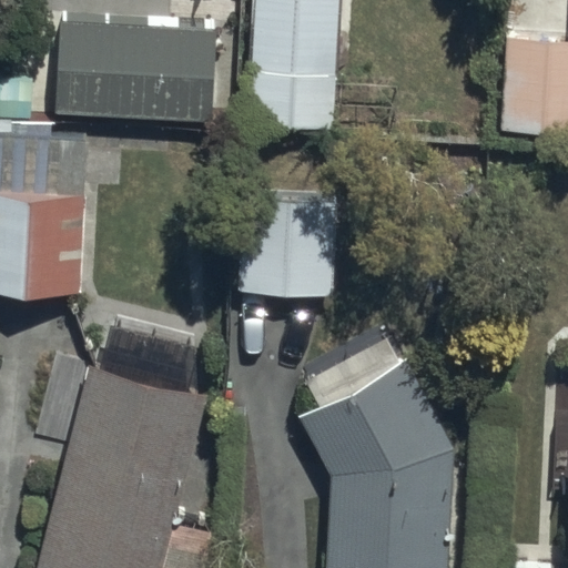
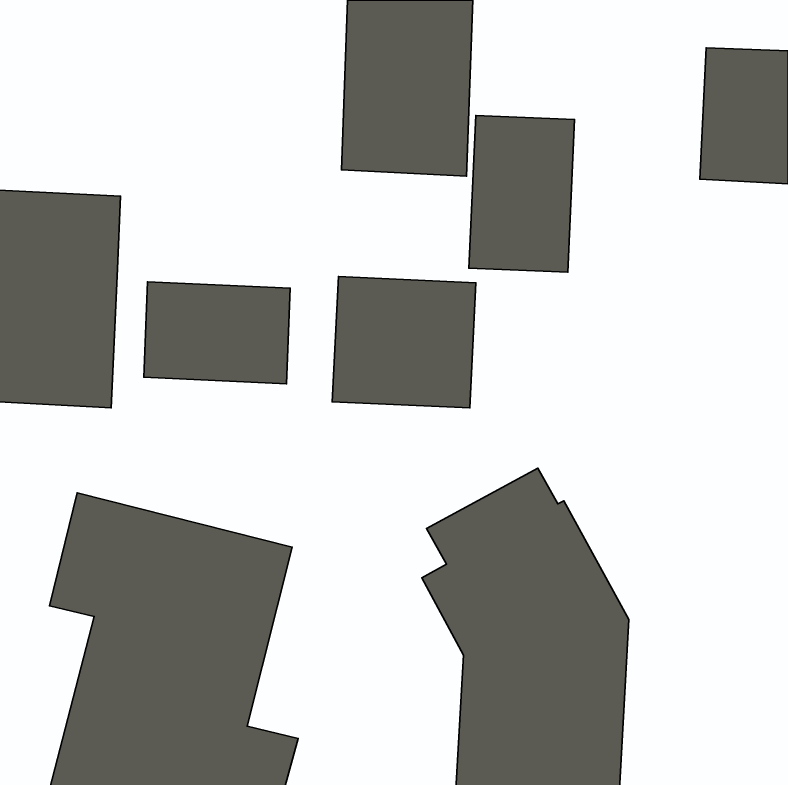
building: [58,30,216,119] -> none
building: none -> [469,116,575,272]
building: none -> [144,282,290,384]

